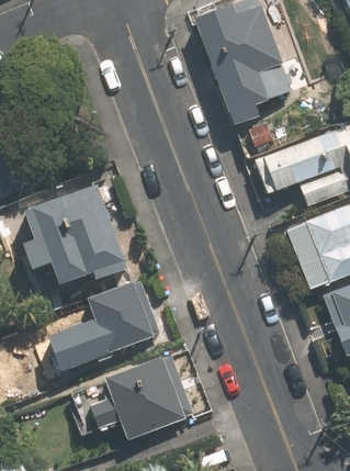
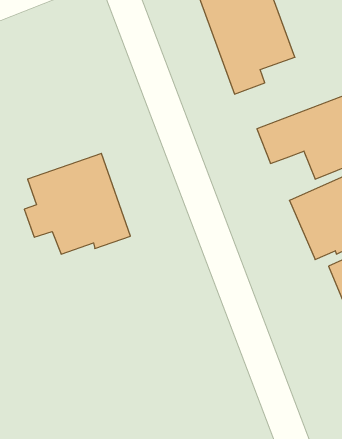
building: [49,279,160,370] -> none
building: [69,354,193,441] -> none

